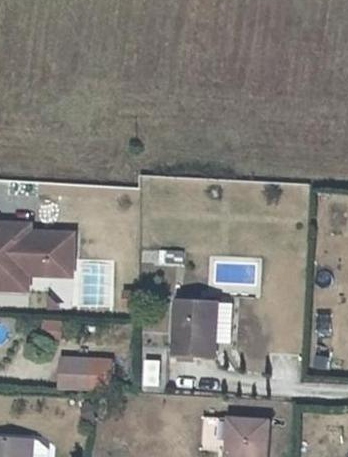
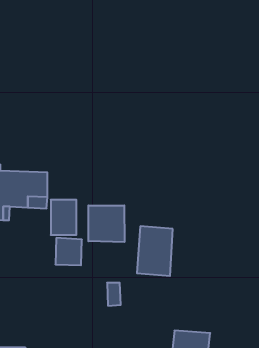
building: none -> [88,205,124,242]
building: [62,357,93,389] -> [55,238,82,265]

